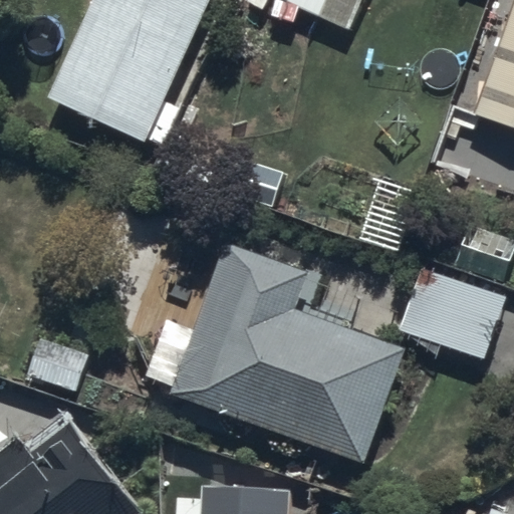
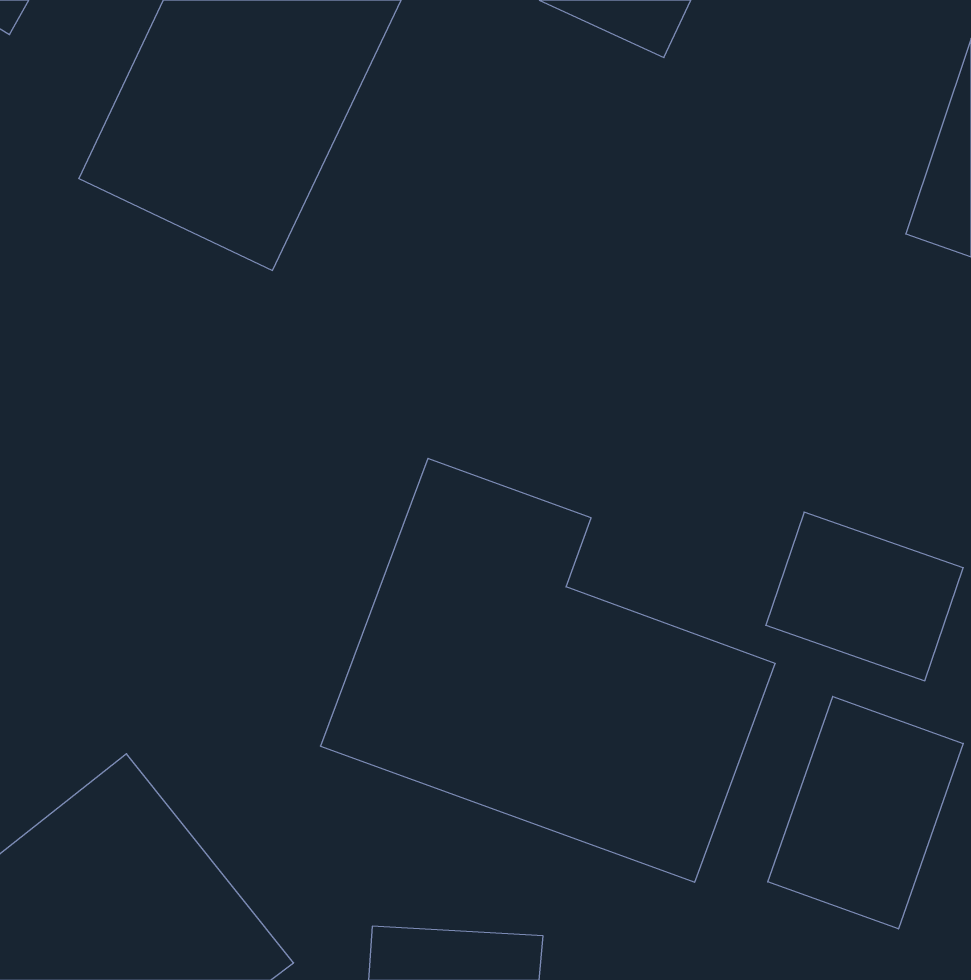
building: none -> [768,696,963,929]

